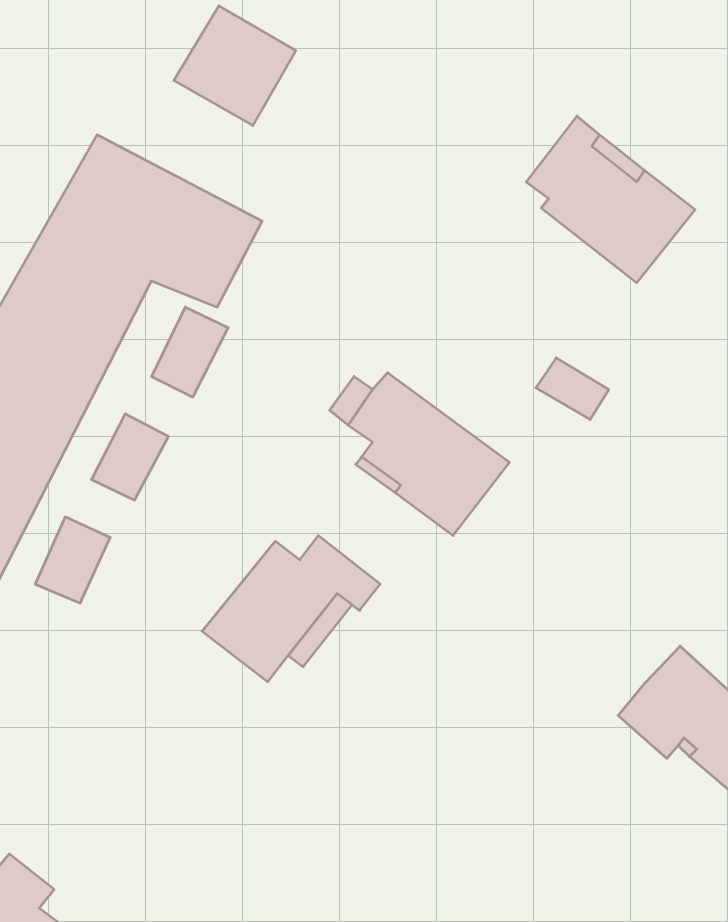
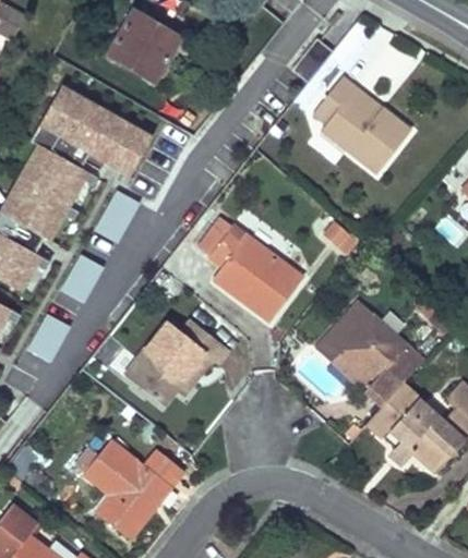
building: none -> [317,302,423,405]
building: none -> [74,439,183,536]

